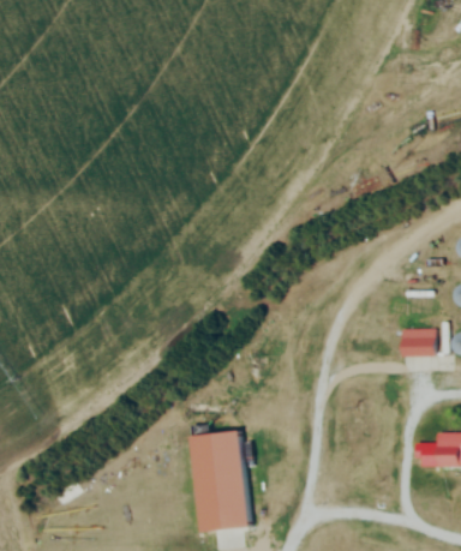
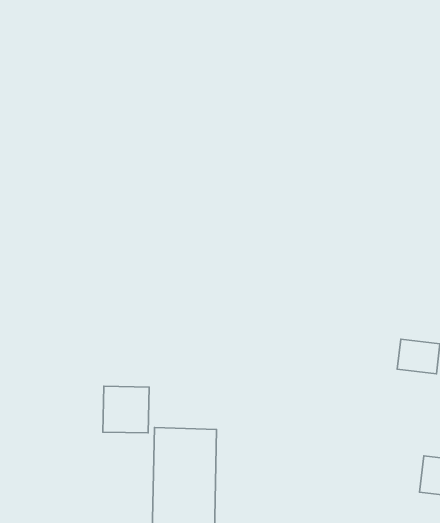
building: none -> [103,386,149,433]

